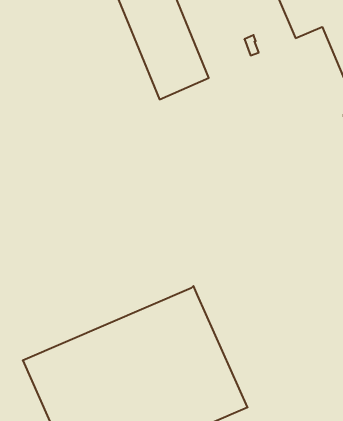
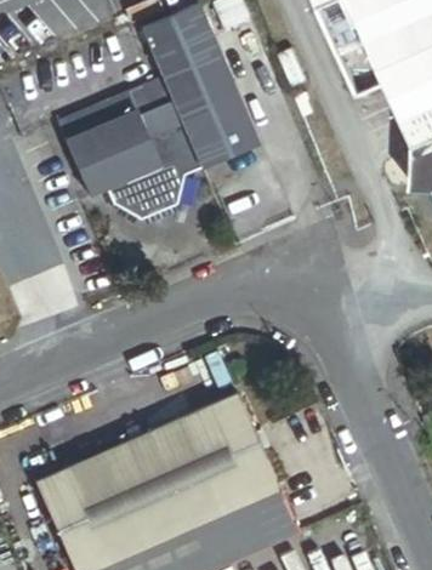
building: none -> [59,80,199,220]

